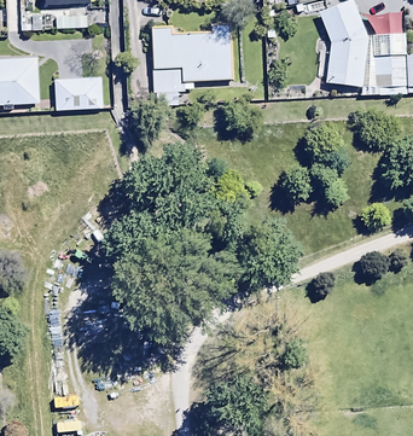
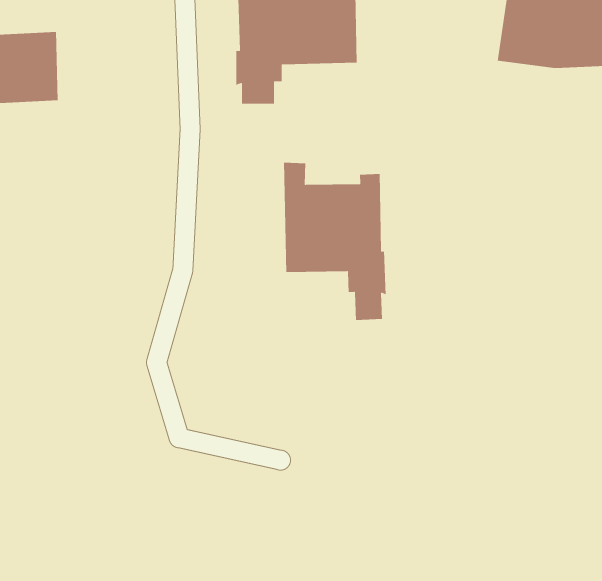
building: [54,77,103,110] -> none
building: none -> [283,162,386,321]

